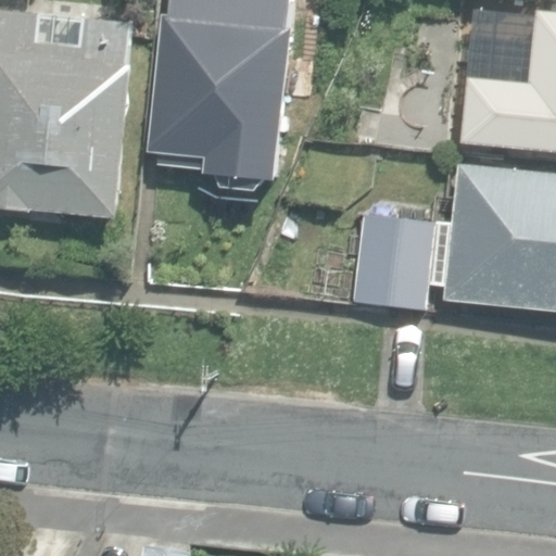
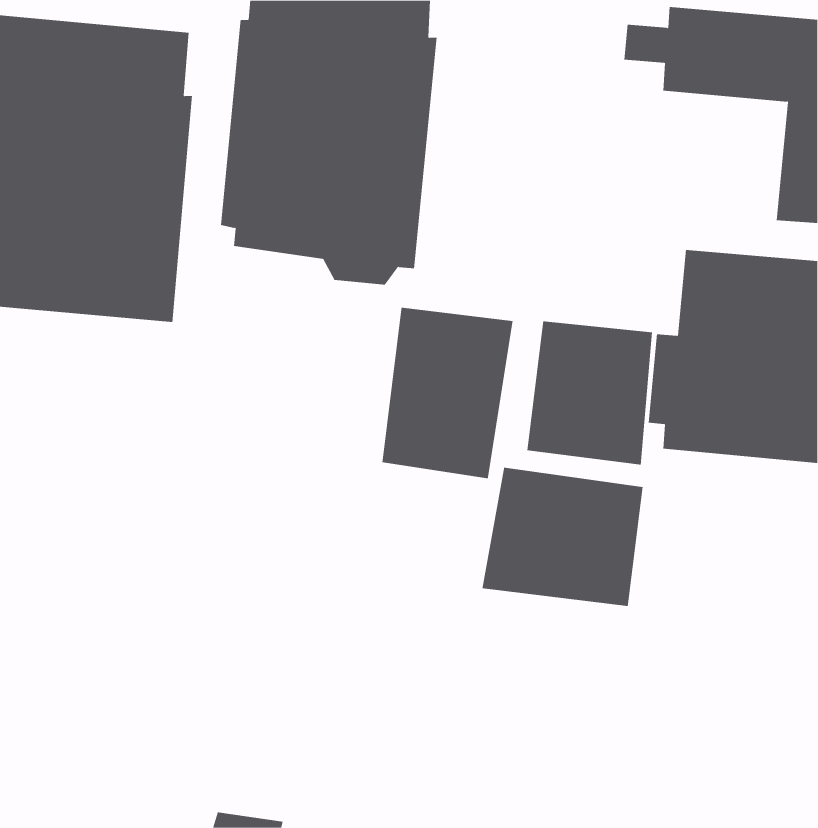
building: none -> [382,307,513,479]
building: none -> [482,467,643,607]

